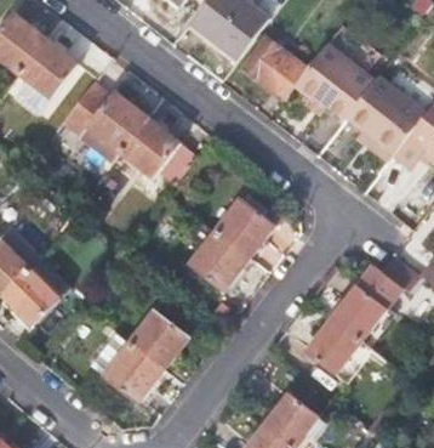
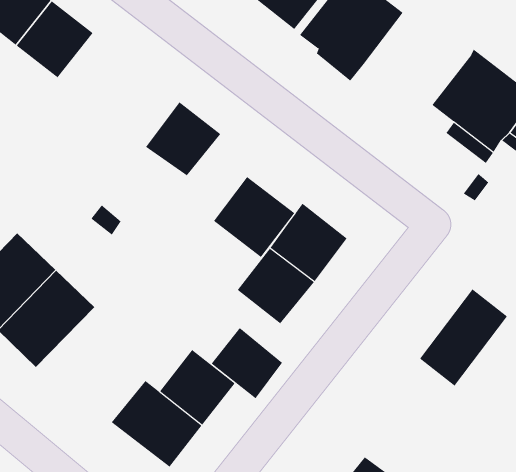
building: [291,44,373,124] -> none
building: [64,84,147,159] -> none
building: none -> [213,176,295,258]
building: none -> [211,327,283,399]
building: [309,317,361,370] -> none

